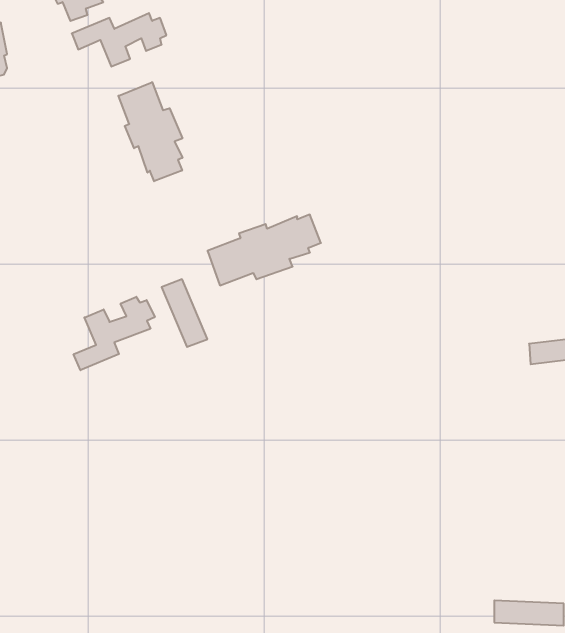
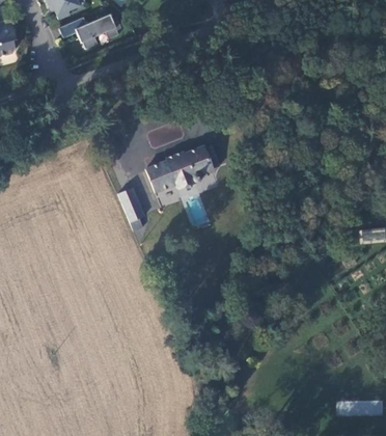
building: [118,82,182,181] -> none
building: [74,297,155,370] -> none

